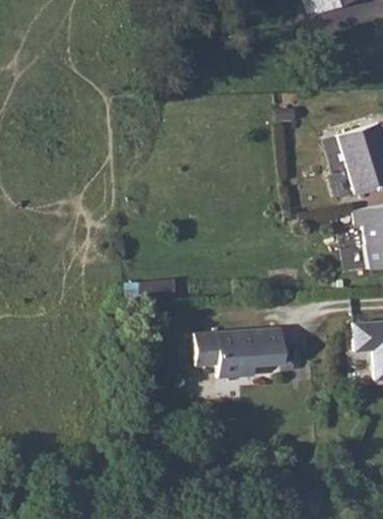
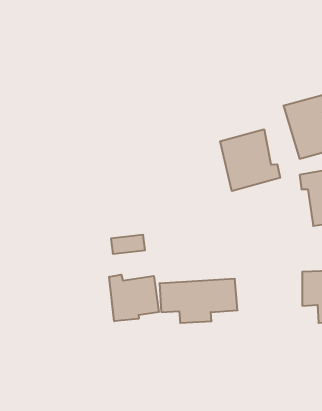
building: none -> [220,129,280,191]
building: none -> [109,275,159,321]

